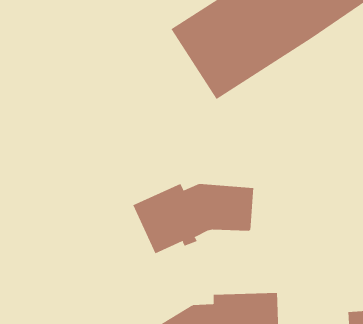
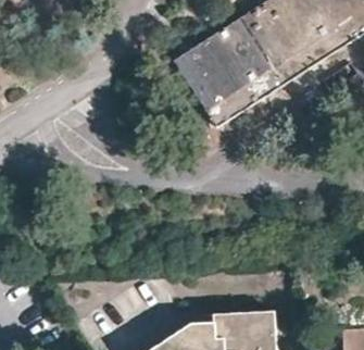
building: [133,183,254,254] -> none

